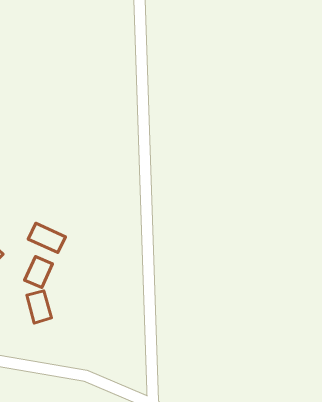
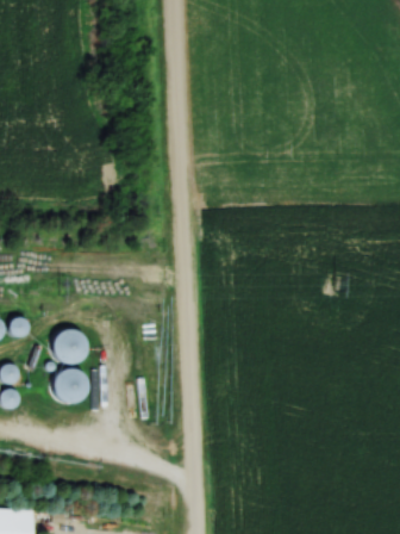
building: [28,223,66,253] -> none

